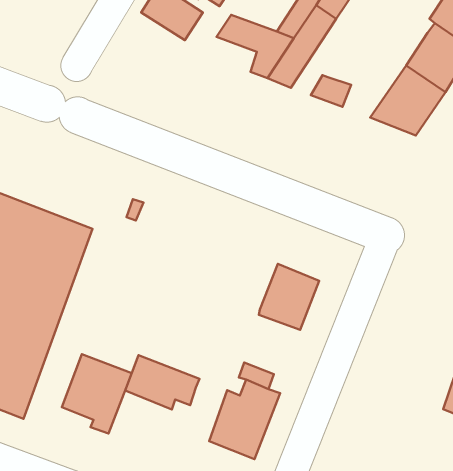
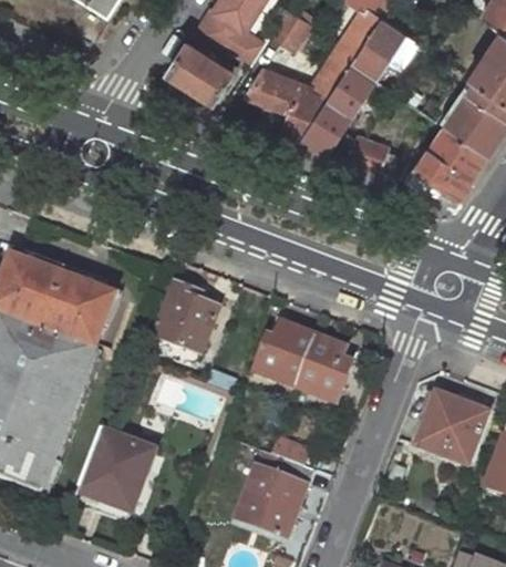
building: none -> [154,281,219,359]
building: none -> [257,318,311,379]
building: none -> [415,393,489,465]
building: [125,355,200,409] -> none

